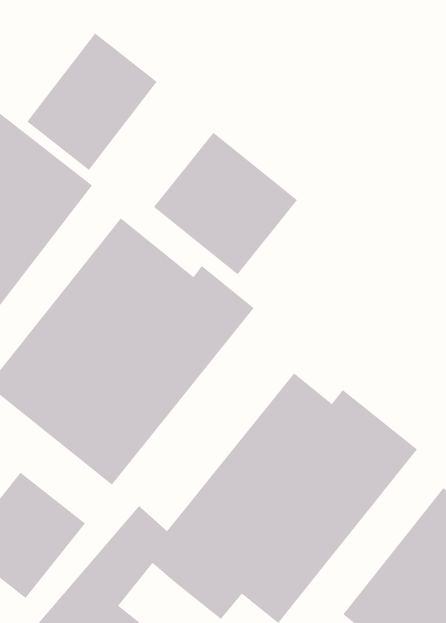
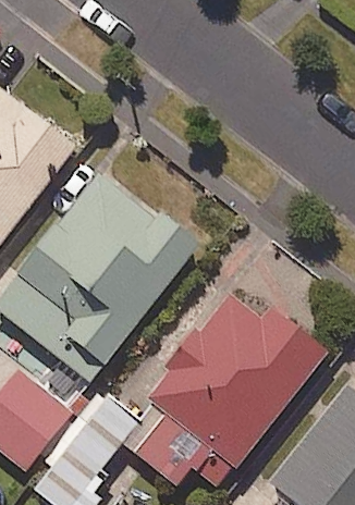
building: [26,33,158,171] -> none
building: [153,132,298,275] -> none

